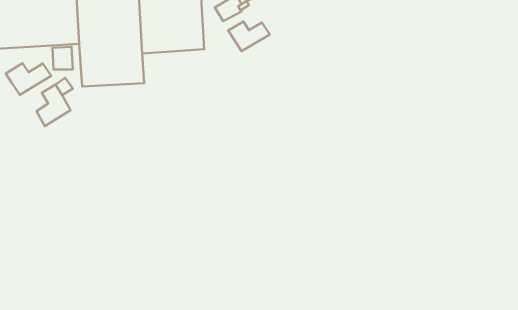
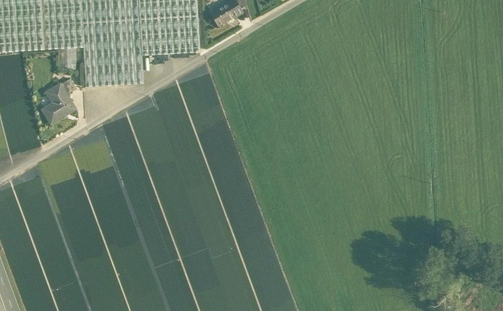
building: [228,21,270,51] -> none
building: [6,63,51,95] -> none

